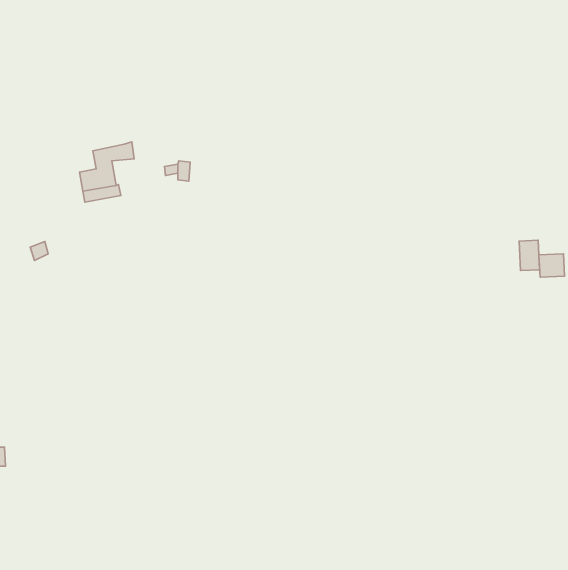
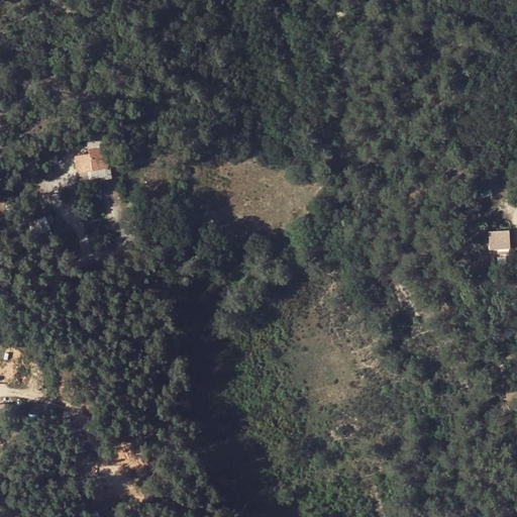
building: [519,240,540,270] -> none

